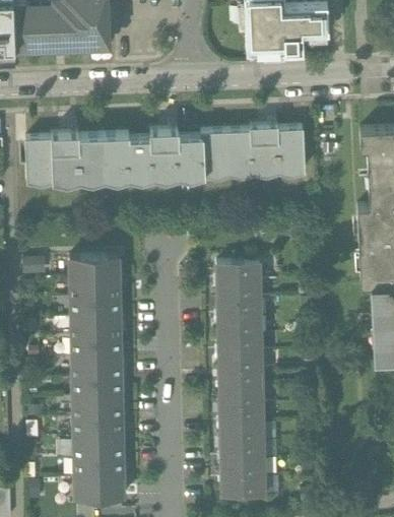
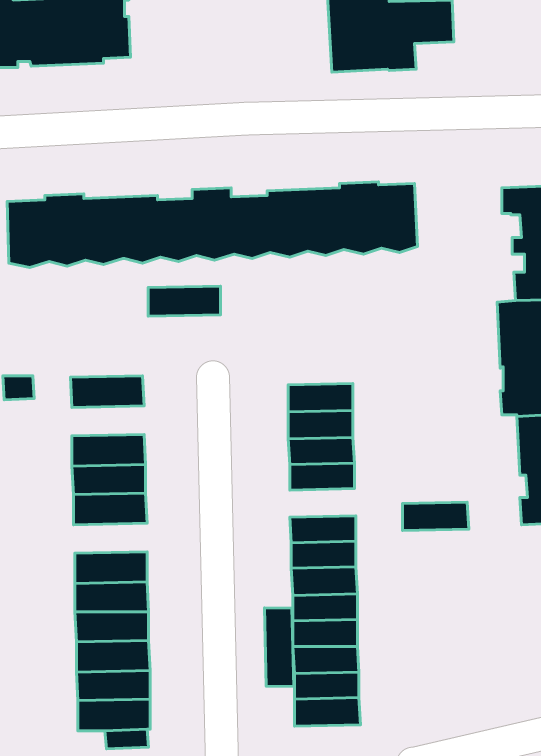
building: [71,279,120,300] -> [148,286,220,316]
building: [218,335,263,354] -> [403,502,469,531]
building: [72,359,122,379] -> none
building: none -> [264,608,294,686]

